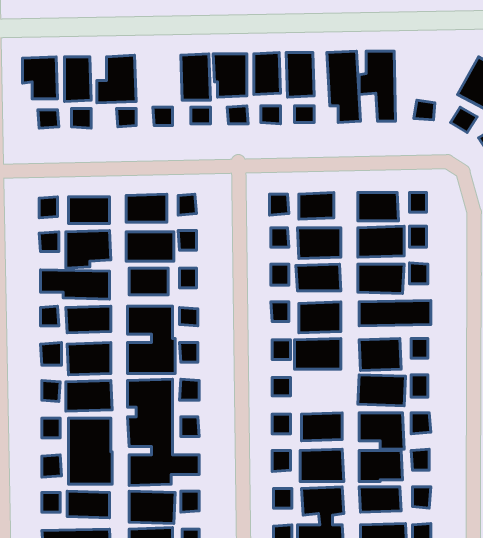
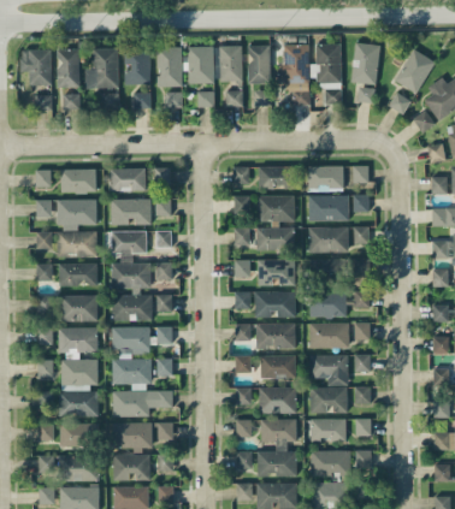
building: none -> [353,43,380,84]
building: none -> [125,47,150,84]
building: none -> [256,324,296,350]

